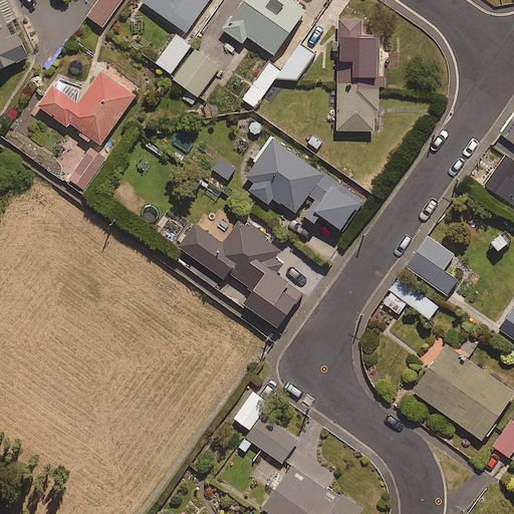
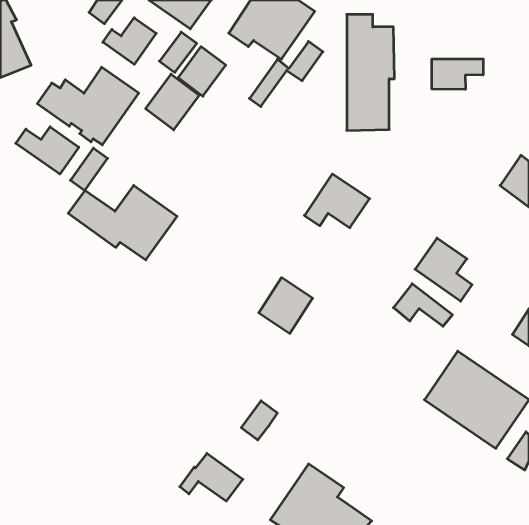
building: none -> [103,18,156,64]
building: none -> [432,59,483,89]
building: none -> [146,74,199,130]
building: none -> [16,127,79,174]
building: [244,138,322,213] -> none
building: [177,218,282,290] -> [68,185,177,260]
building: [235,417,296,463] -> [180,453,243,501]

